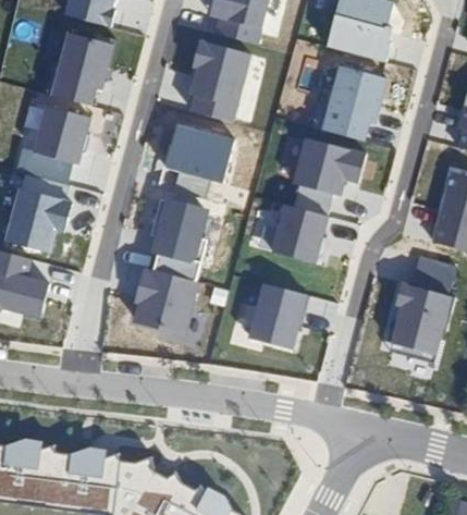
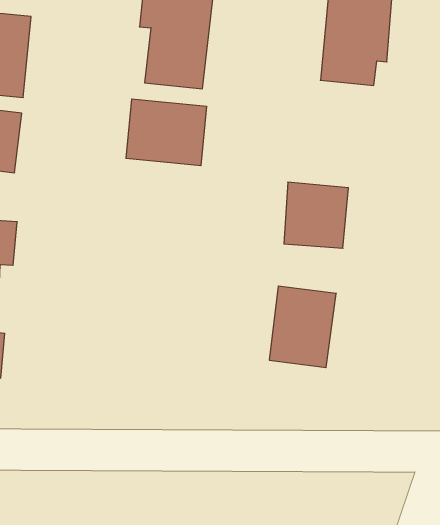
building: [291,136,365,196] -> none
building: [151,197,208,261] -> none
building: [134,269,199,334] -> none

